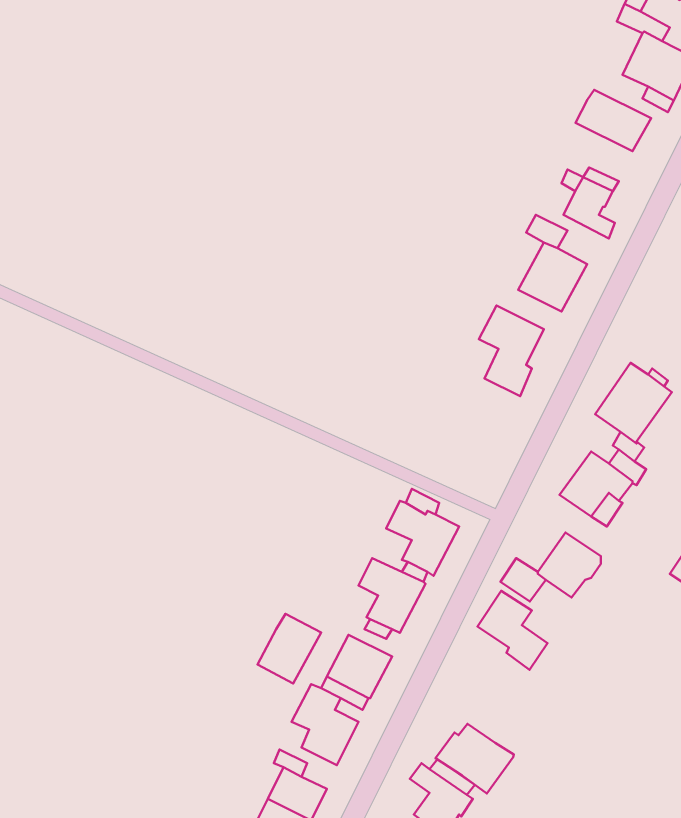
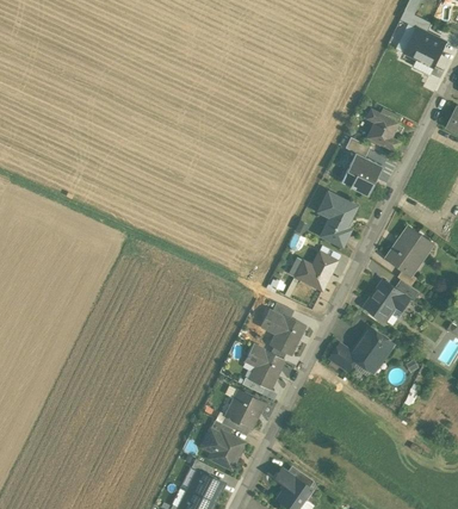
building: [576,90,651,151] -> none
building: none -> [293,252,335,291]
building: [477,591,547,670] -> none
building: [258,614,321,683] -> none
building: [436,724,514,794] -> none

